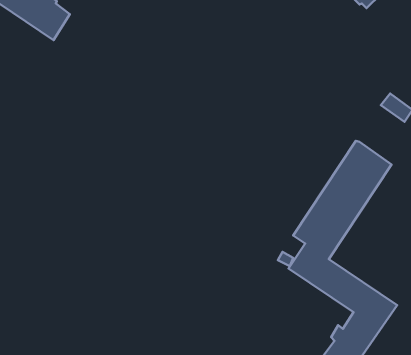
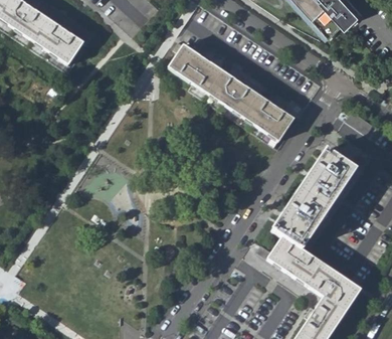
building: none -> [167,45,292,141]

